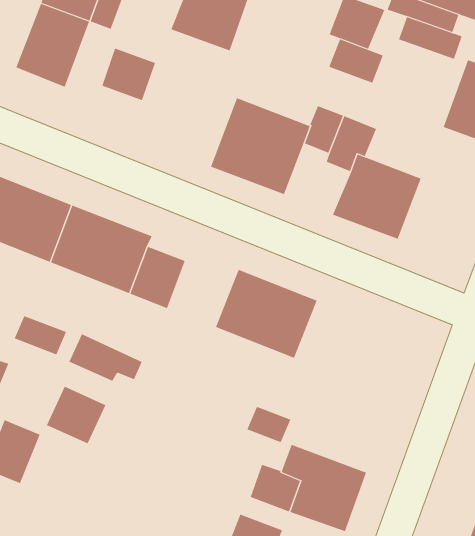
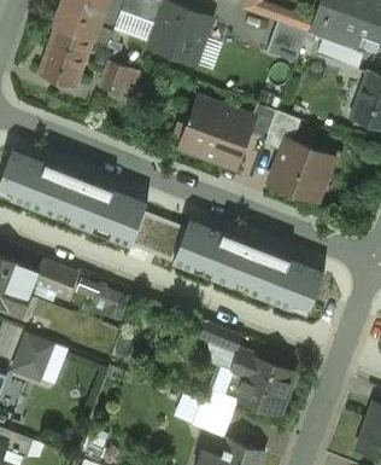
building: [329,39,384,83] -> none
building: none -> [154,221,195,266]
building: none -> [240,246,315,312]
building: [46,386,106,444] -> none

